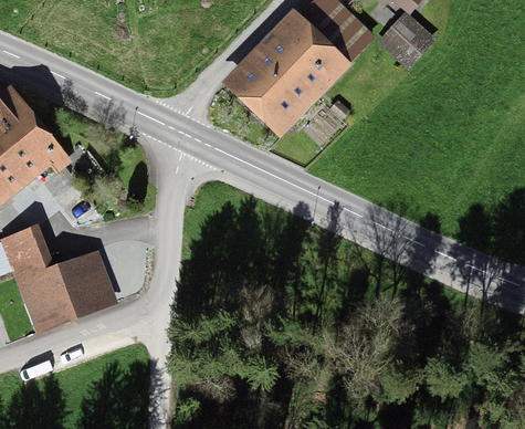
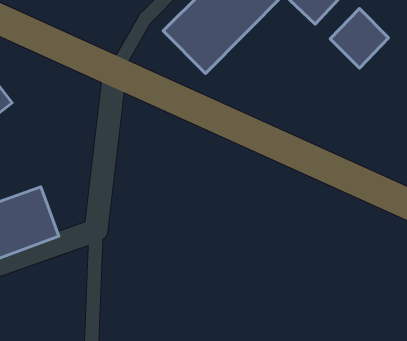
building: none -> [330,9,389,68]

